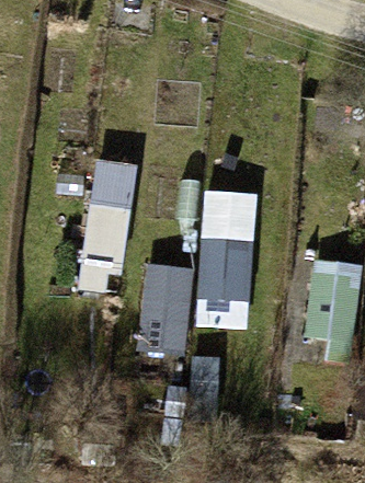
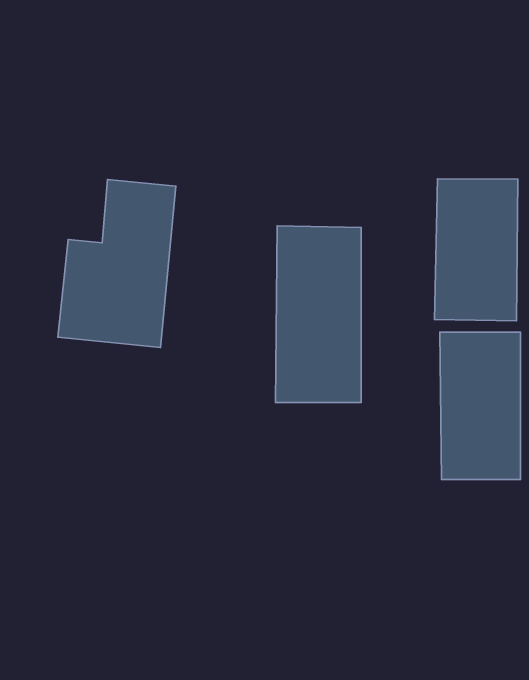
building: none -> [434,179,518,321]
building: [140,264,193,355] -> none

